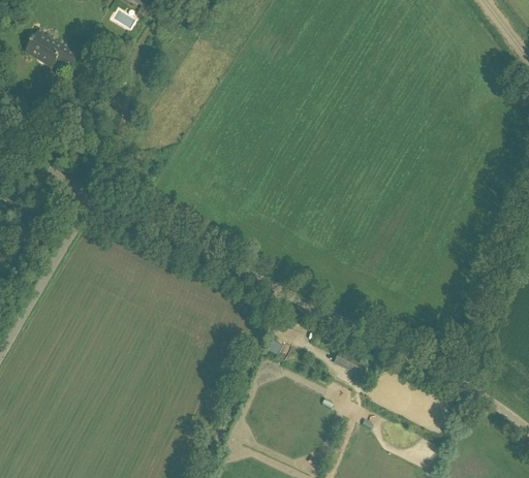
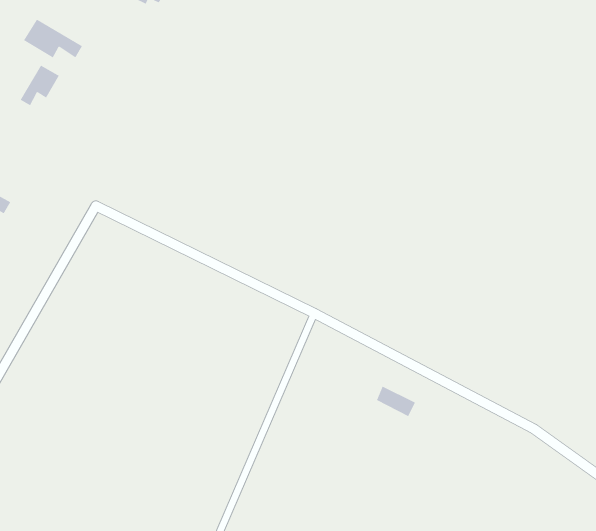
building: none -> [20,65,60,106]

